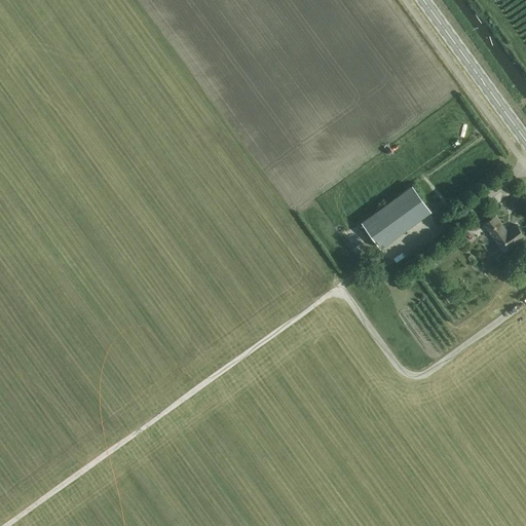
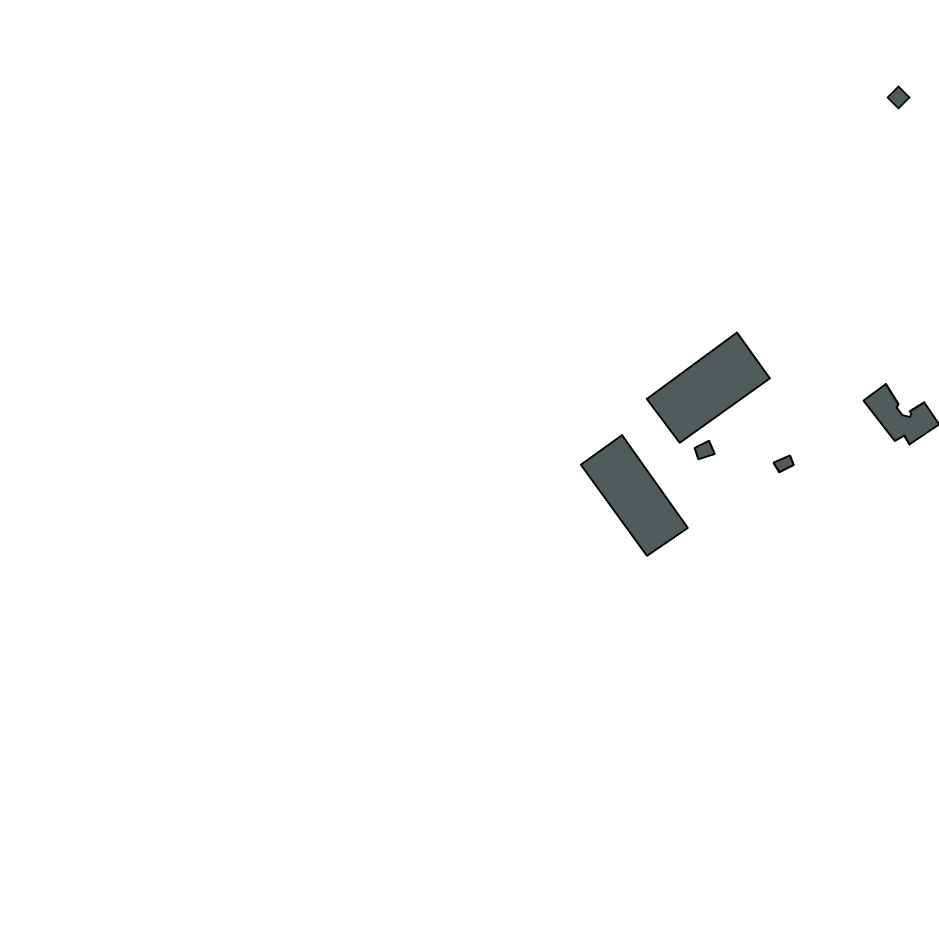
building: none -> [581,435,688,556]

